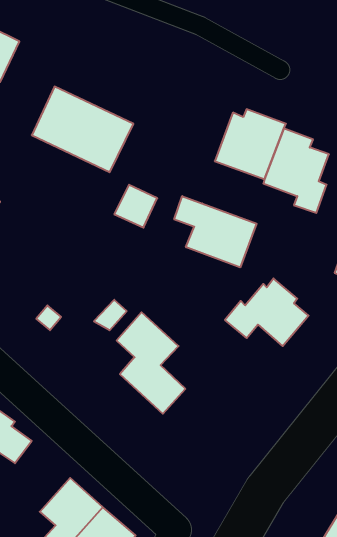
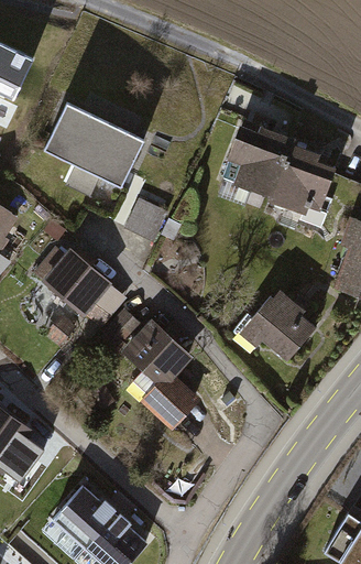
building: [174,196,257,267] -> none
building: none -> [36,250,114,313]

